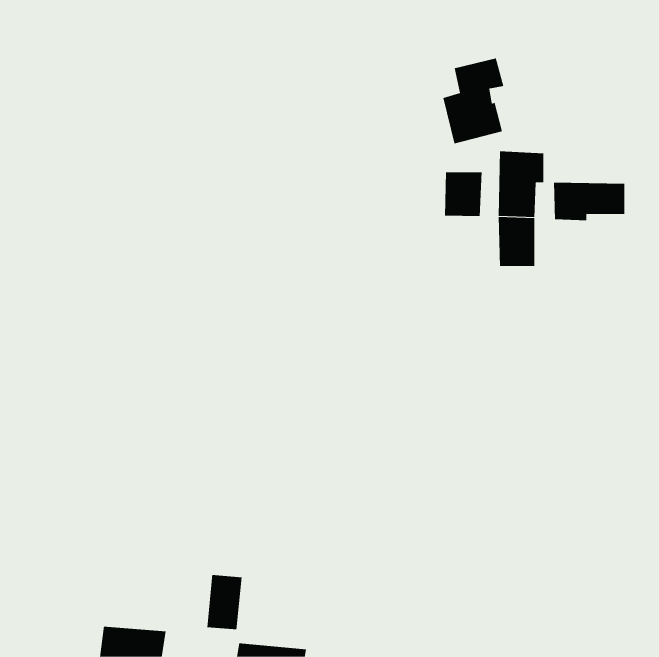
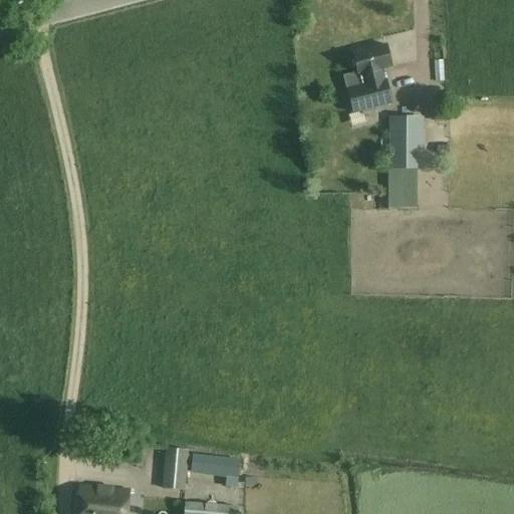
building: [445,171,482,217] -> none
building: [553,182,625,221] -> none
building: none -> [191,454,241,488]

